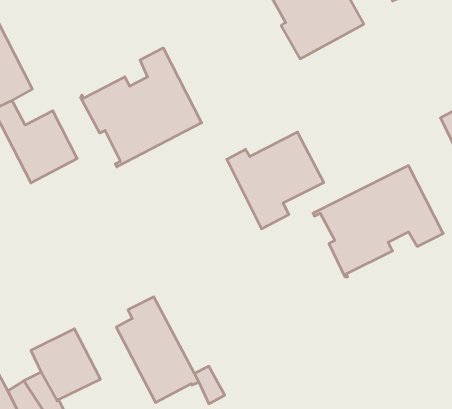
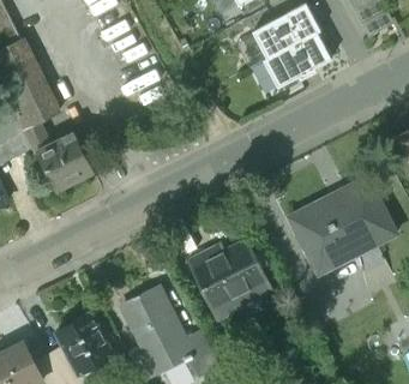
building: [81,48,202,167] -> none
building: [227,132,324,229] -> [188,238,269,318]

